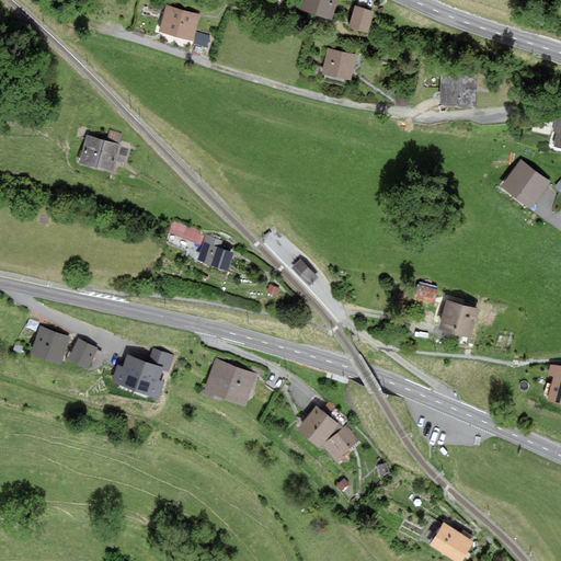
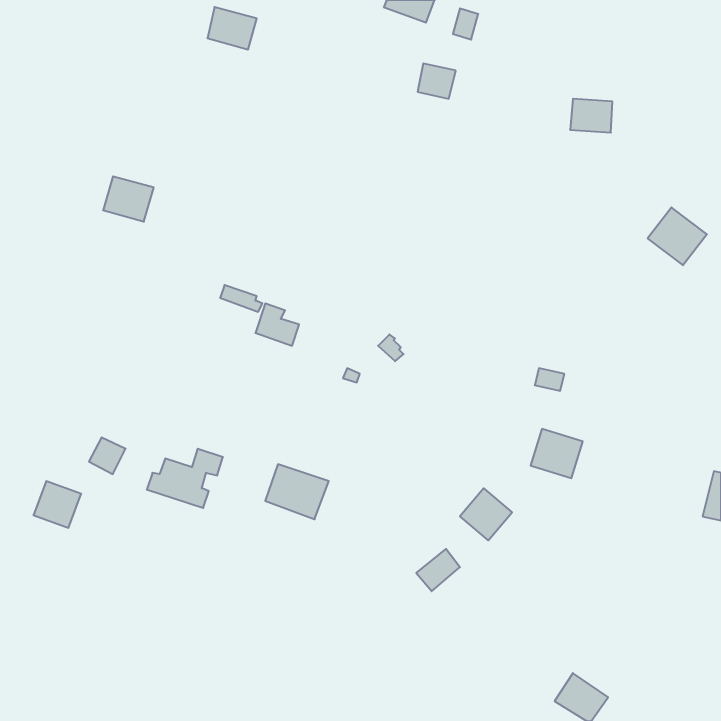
building: [438,300,479,339] -> [531,429,583,478]
building: [31,327,68,363] -> [33,481,81,528]
building: [299,405,340,446] -> [460,488,512,540]

